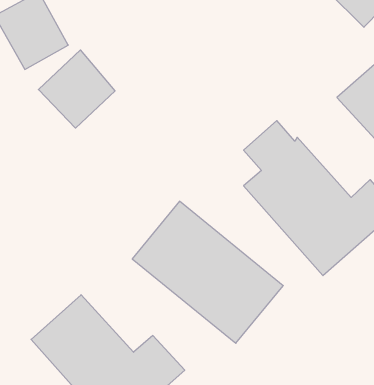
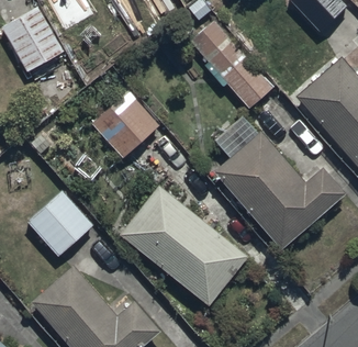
building: none -> [190,20,273,109]
building: [38,50,115,128] -> [92,90,158,157]
building: none -> [29,191,94,257]

